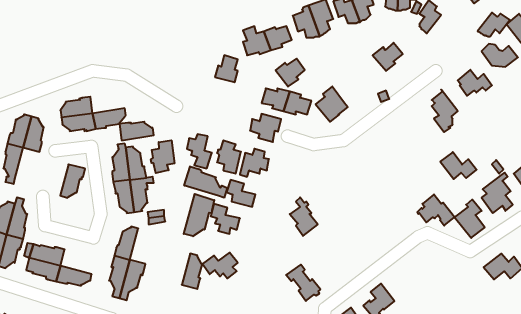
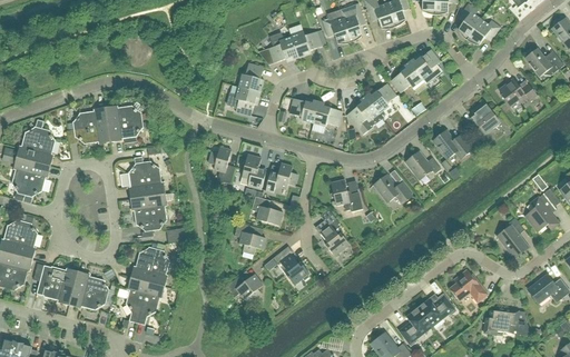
building: [478,13,510,36] -> [465,19,500,44]
building: none -> [390,62,422,92]
building: [276,59,305,87] -> [364,83,395,113]
building: [250,114,281,142] -> [226,86,259,116]
building: [120,122,154,140] -> [105,105,141,125]
building: none -> [405,151,441,179]
building: [151,140,174,173] -> none
building: [440,152,477,179] -> [432,130,471,159]
building: none -> [373,173,411,204]
building: none -> [330,179,362,211]
building: [60,164,85,198] -> [23,161,50,197]
building: [184,166,227,198] -> none
building: [184,194,214,236] -> none
building: [417,194,455,226] -> [448,269,488,303]
building: none -> [72,270,108,297]
building: [182,254,203,289] -> [147,248,169,286]
building: [286,265,320,301] -> [272,246,308,285]
building: none -> [416,294,454,326]
building: none -> [483,308,529,335]

